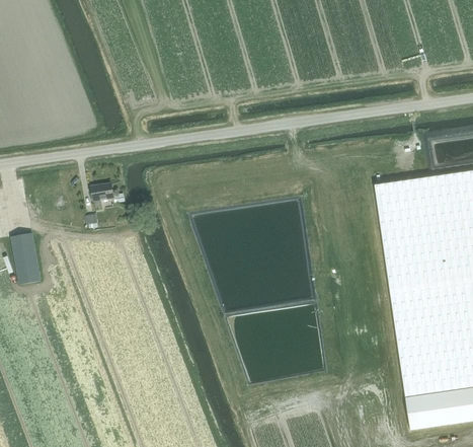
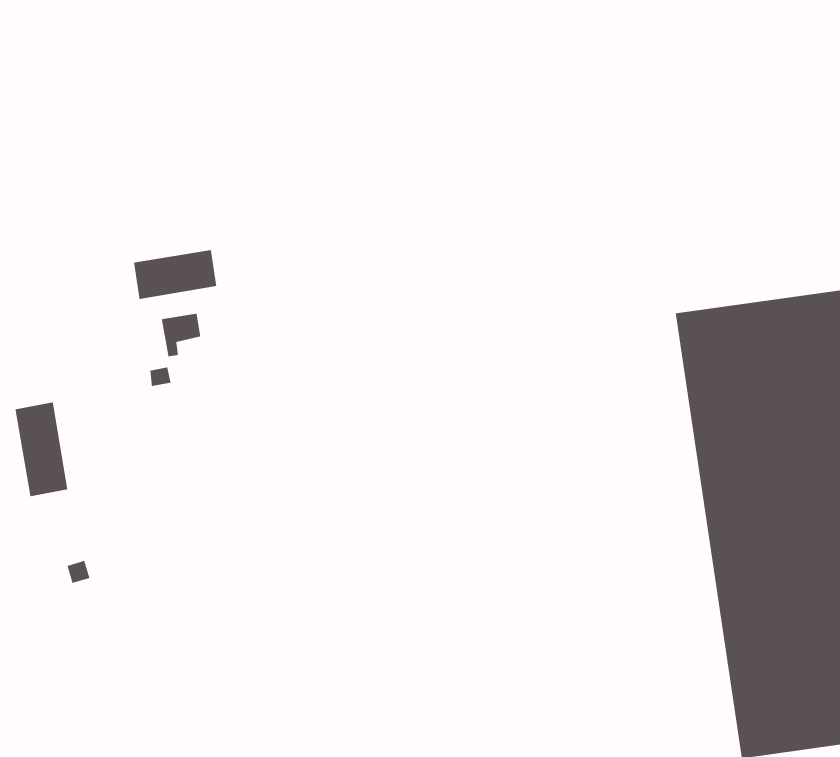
building: none -> [133,249,217,300]

